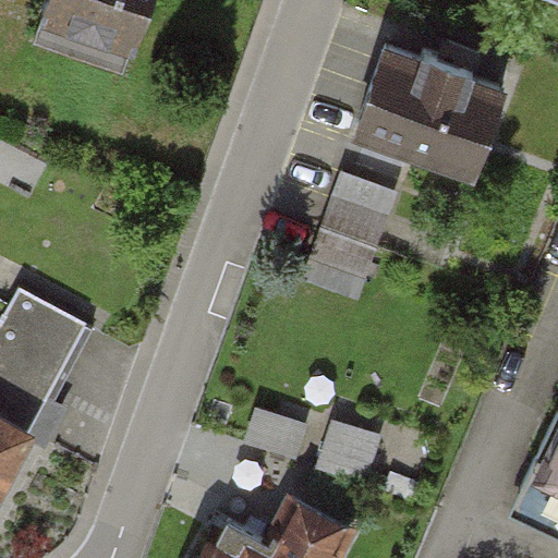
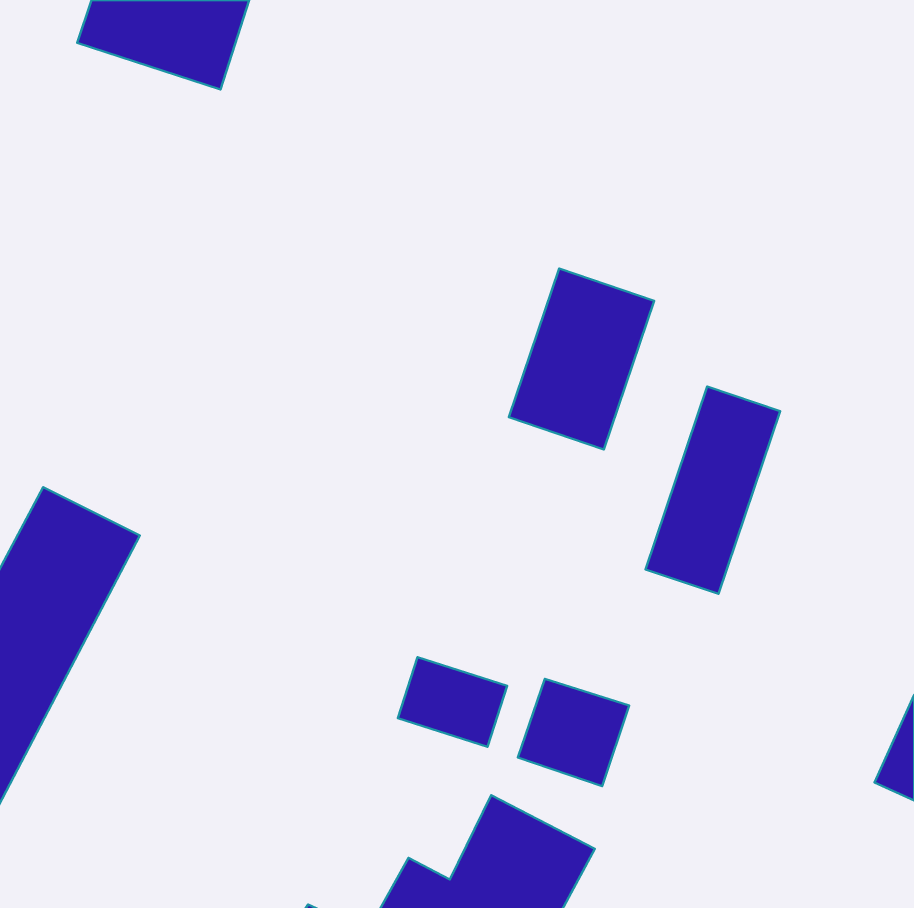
building: [355,59,485,175] -> none
building: none -> [646,387,780,594]

